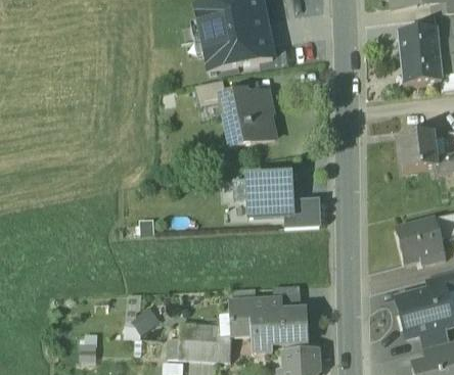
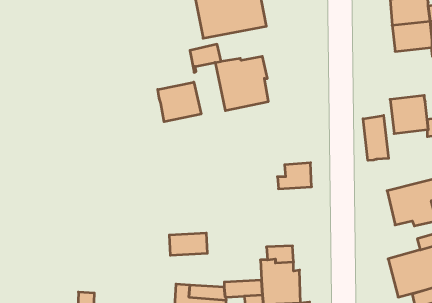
building: none -> [158,82,201,122]
building: none -> [363,115,389,160]
building: [247,175,292,216] -> none
building: [229,298,268,321] -> [169,233,207,255]
building: [127,304,161,336] -> none

